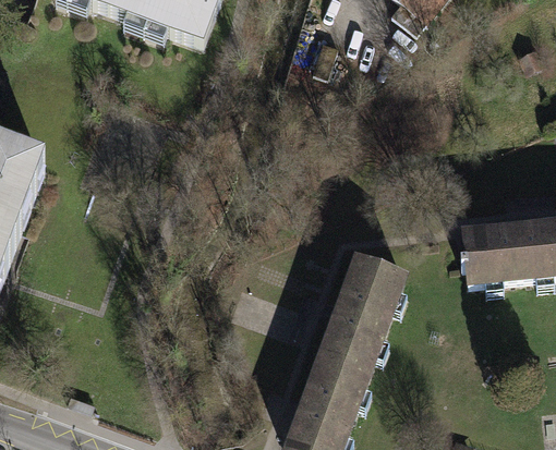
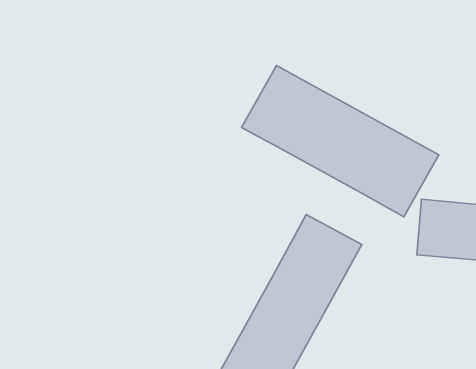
building: none -> [242,66,439,217]

